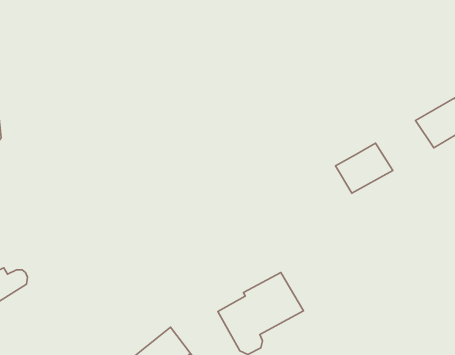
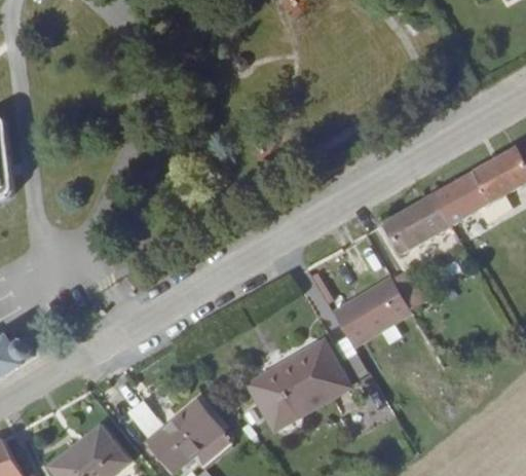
building: none -> [427,169,493,225]
building: none -> [336,274,417,350]

